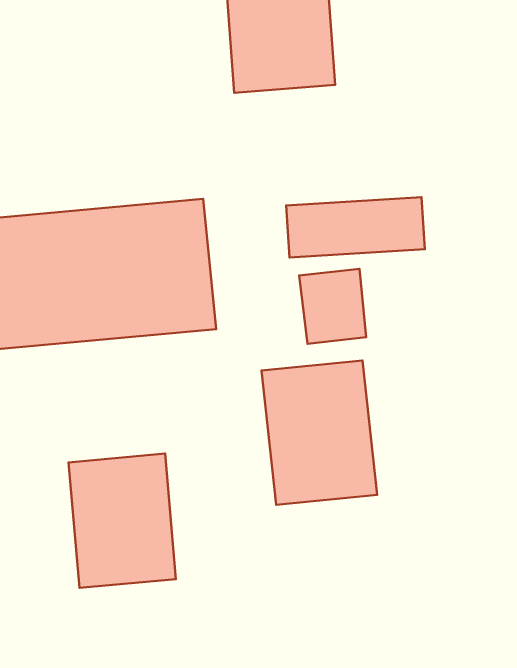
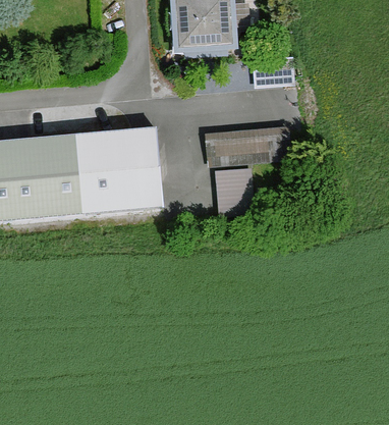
building: [262,361,377,505] -> none
building: [69,454,176,588] -> none

